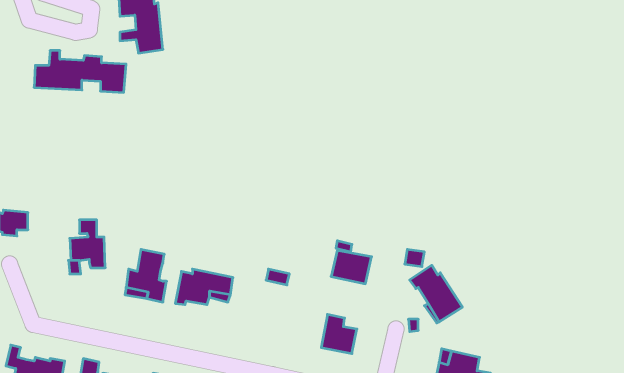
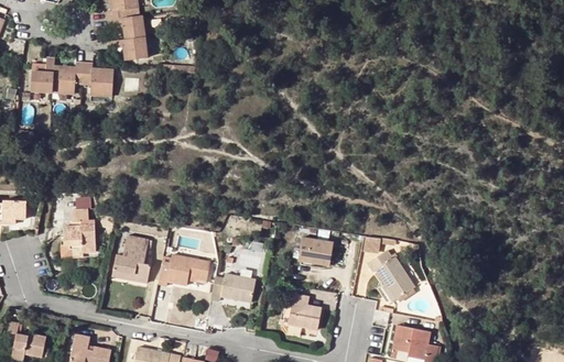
building: none -> [212,273,256,301]

